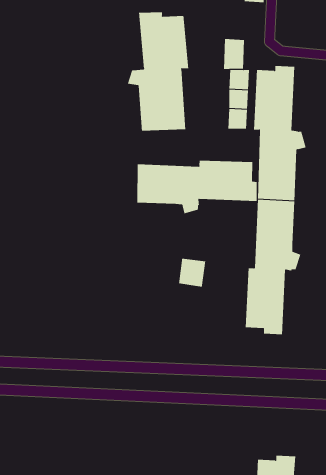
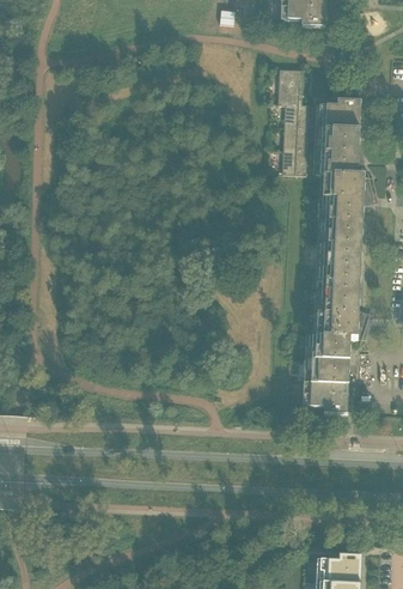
building: [127,11,189,131] -> none
building: [137,160,257,214] -> none
building: [179,258,206,288] -> none

